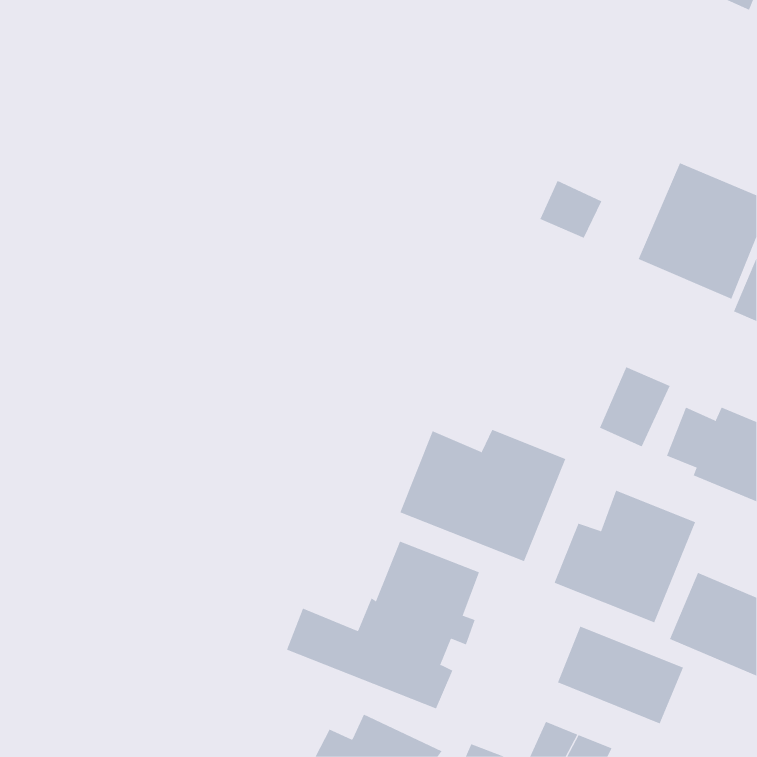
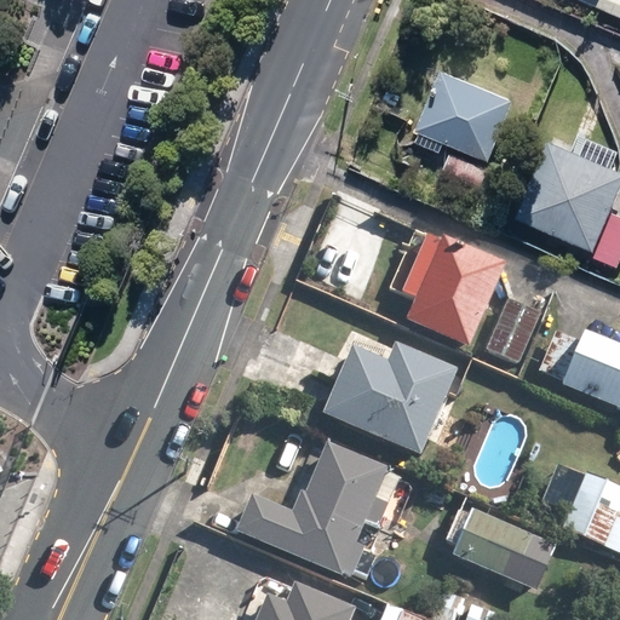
building: none -> [417,62,517,154]
building: none -> [407,237,507,351]
building: [554,490,696,623] -> none

